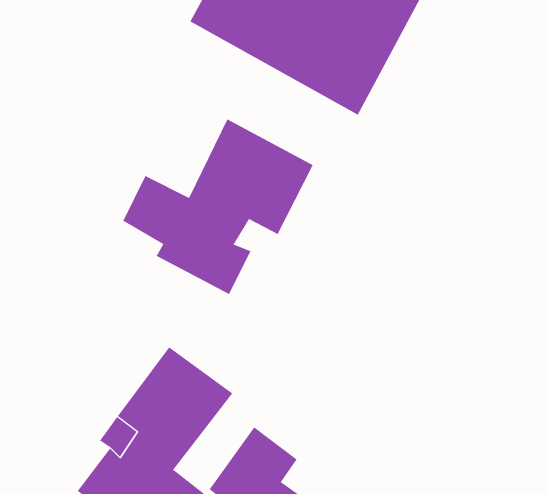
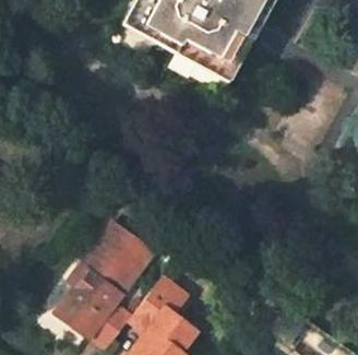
building: [122,119,314,295] -> none

